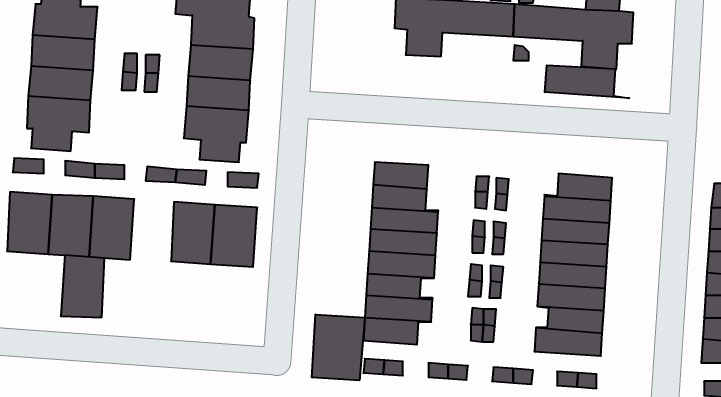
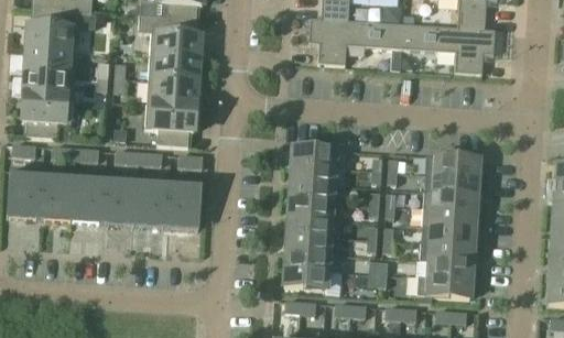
building: [545,65,629,98] -> none
building: [61,255,105,317] -> [102,176,137,225]
building: [312,314,365,380] -> none

